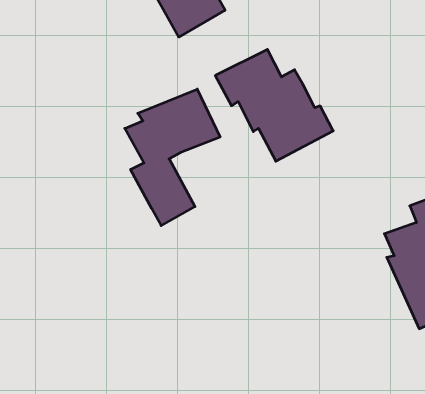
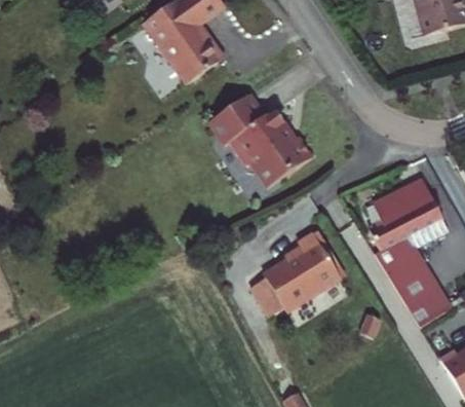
building: [125,89,220,226] -> none
building: none -> [253,232,342,313]

